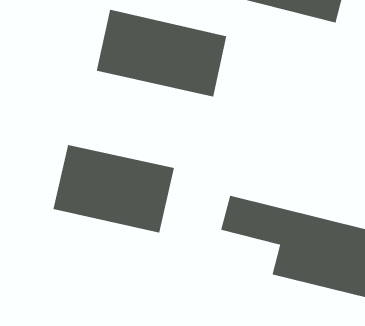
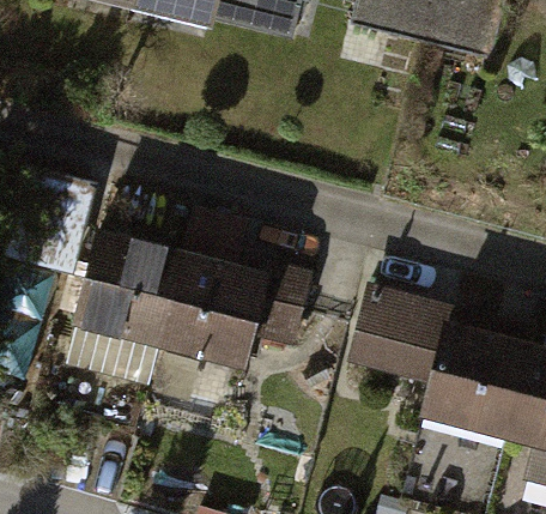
building: [96,9,227,97] -> none

